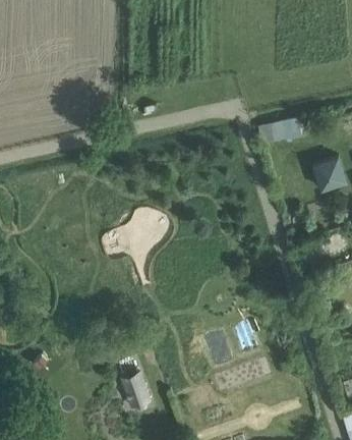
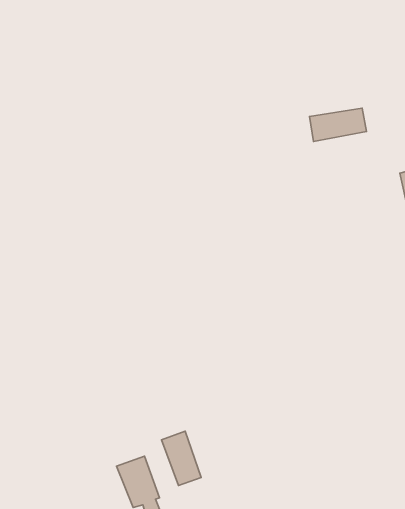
building: none -> [161,431,201,486]

